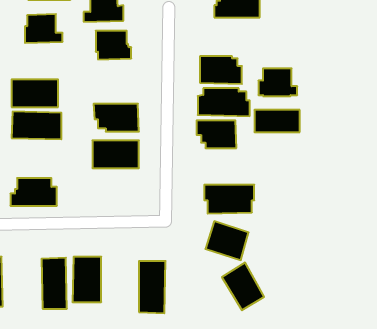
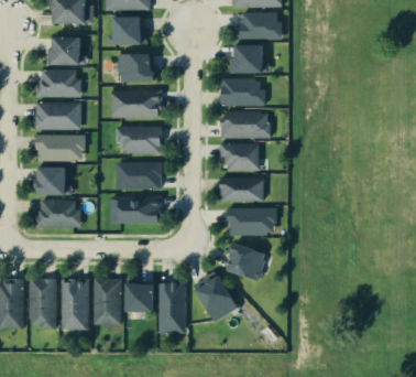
building: none -> [34,68,80,96]
building: none -> [110,90,161,117]
building: [258,68,297,96] -> [229,45,267,73]
building: [254,110,300,132] -> [218,177,263,200]
building: none -> [33,166,70,195]
building: none -> [110,195,161,223]
building: none -> [30,279,58,326]
building: none -> [128,280,153,312]
building: [222,263,264,310] -> [197,276,239,323]

